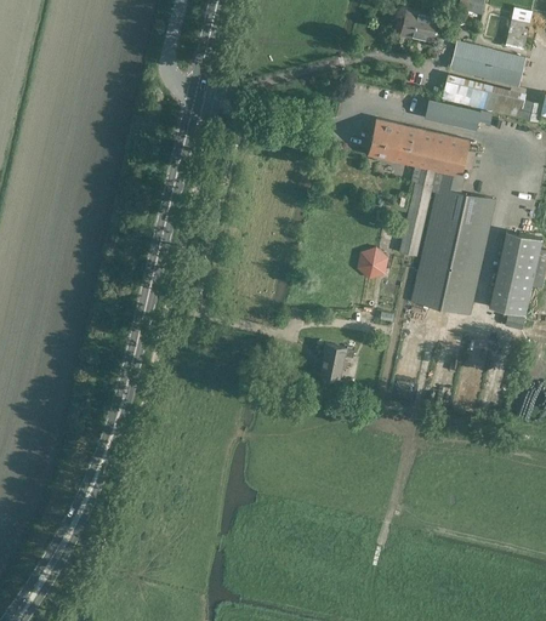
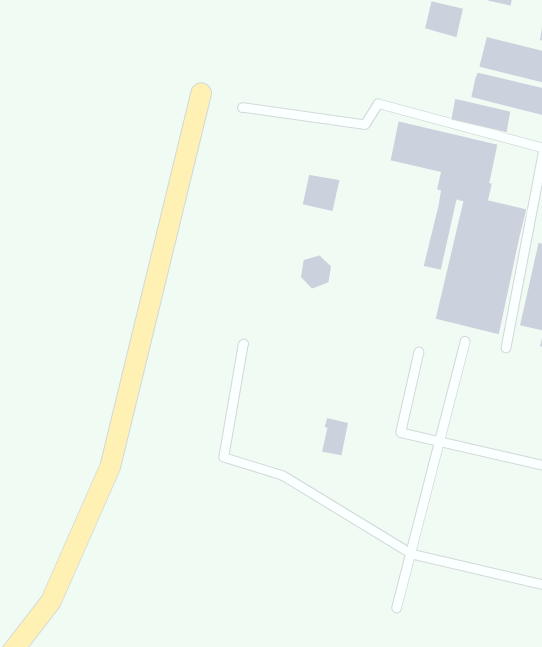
building: none -> [302,174,340,212]
building: [358,247,387,279] -> [300,255,332,289]
building: [320,343,346,378] -> [321,418,349,456]

